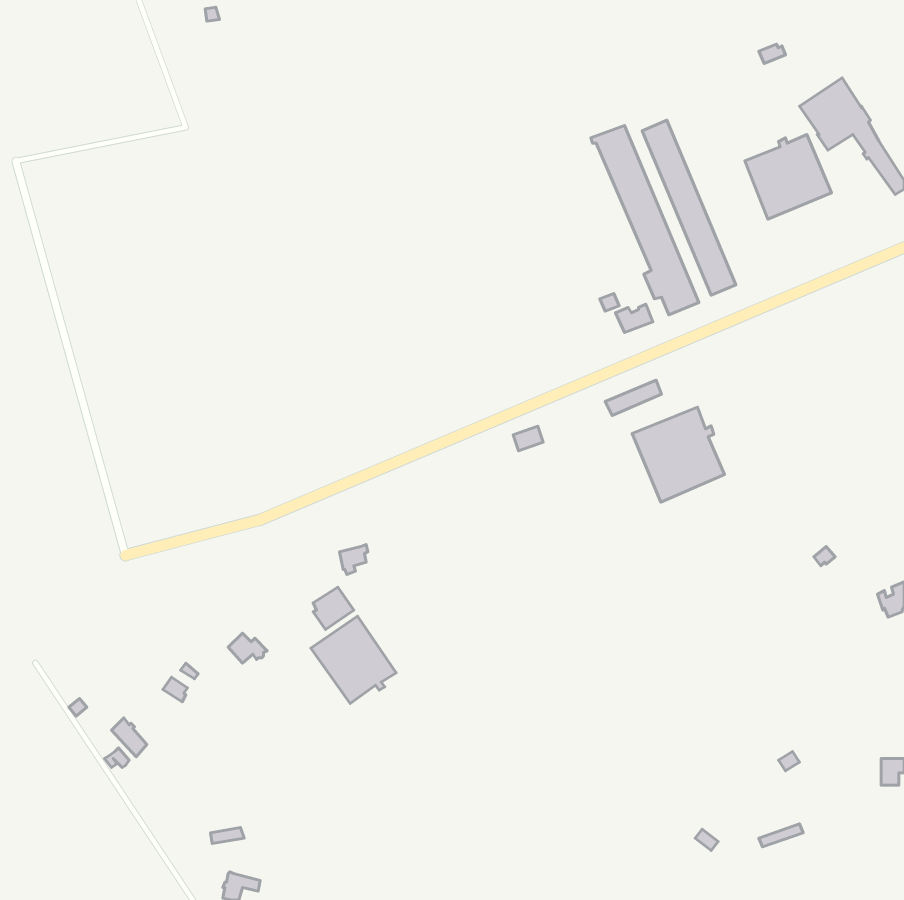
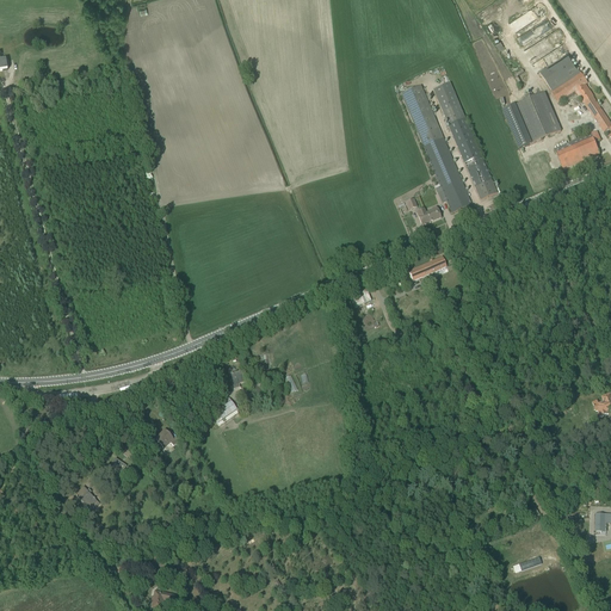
building: none -> [554,130,600,168]
building: [632,407,725,502] -> none
building: [311,616,396,704] -> none

